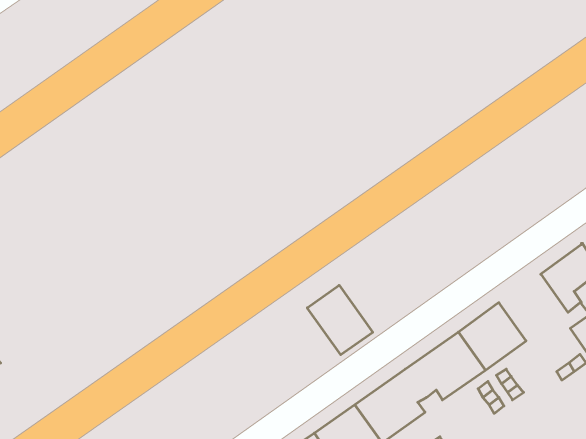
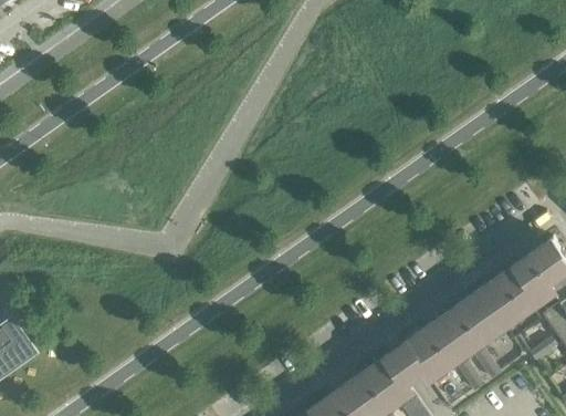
building: none -> [476,267,538,326]
building: [307,285,373,355] -> none

